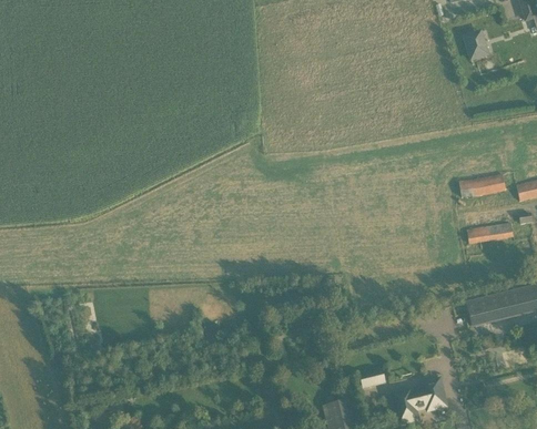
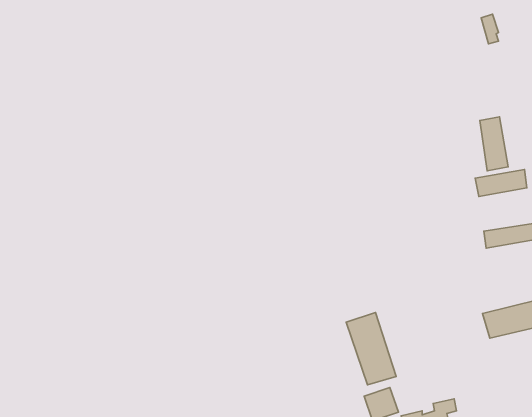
building: none -> [480,117,508,171]
building: none -> [346,312,396,385]

